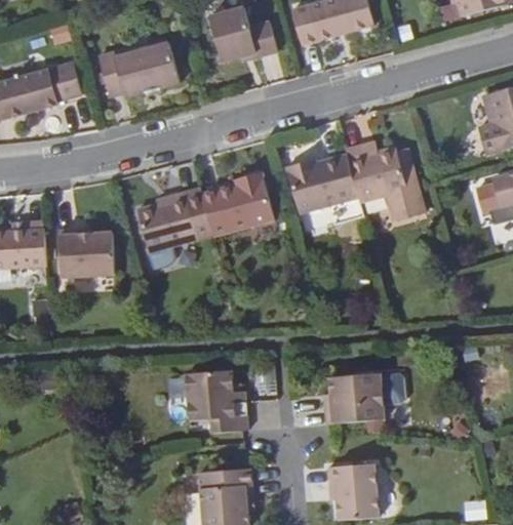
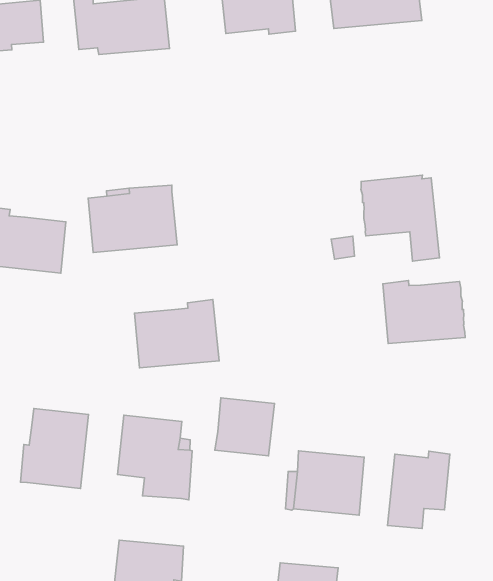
building: [284,155,356,213] -> [383,280,465,344]
building: [199,172,272,236] -> [135,299,219,368]
building: none -> [215,398,275,456]
building: none -> [388,451,450,529]
building: none -> [21,409,89,488]

